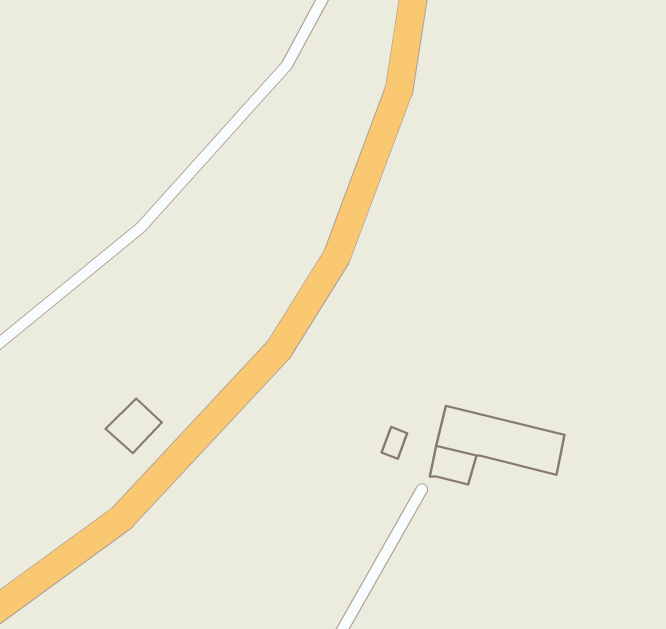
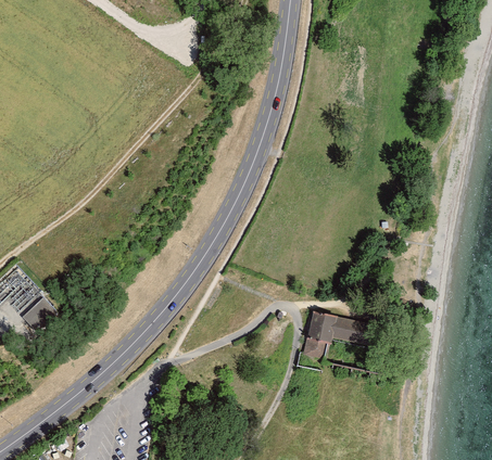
building: [106,398,162,453] -> [21,293,59,330]

